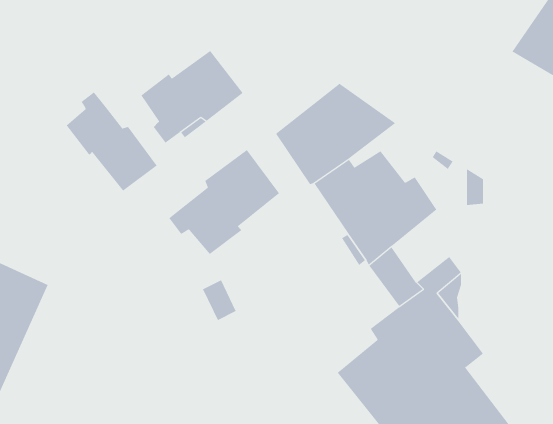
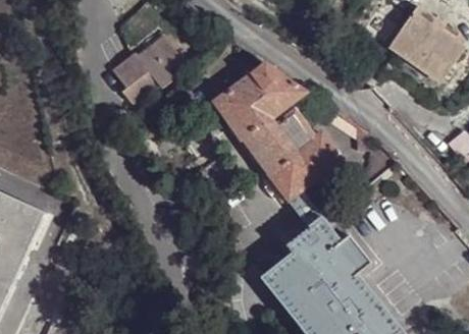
building: [66,91,158,192] -> none
building: [168,149,280,255] -> none

